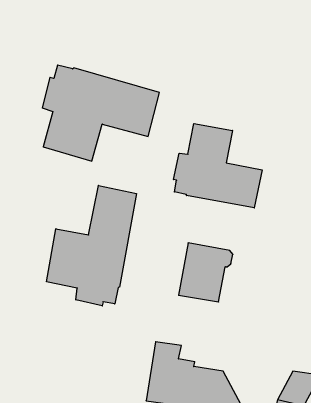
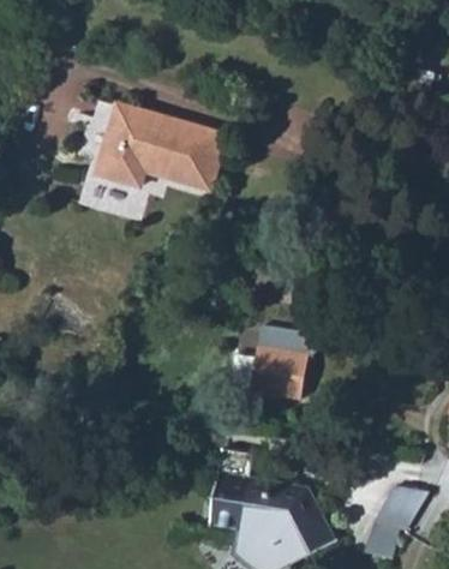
building: [174,124,262,208] -> none
building: [47,185,136,306] -> none

